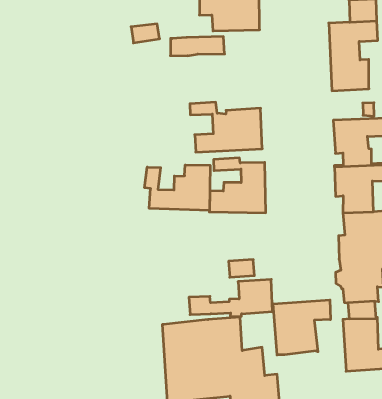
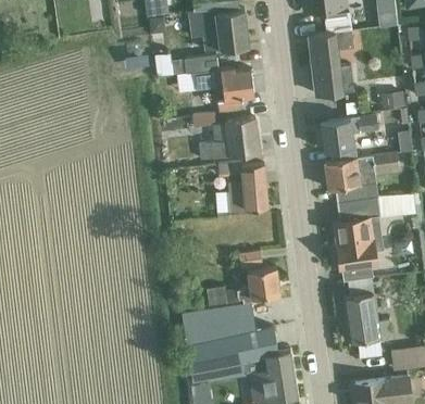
building: none -> [196,68,255,112]
building: [145,165,210,211] -> none
building: [273,300,330,355] -> none

